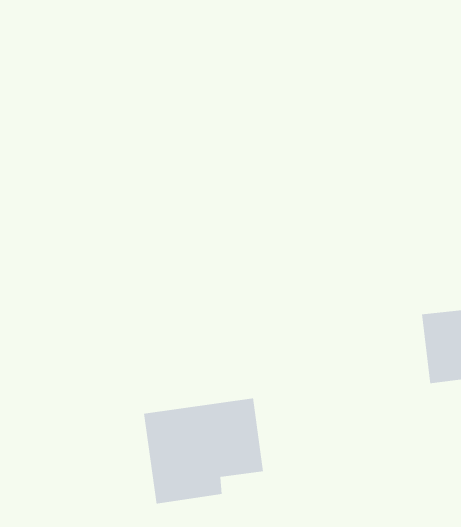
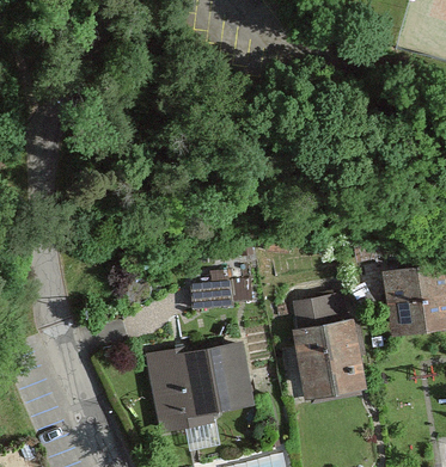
building: none -> [291,294,361,398]

